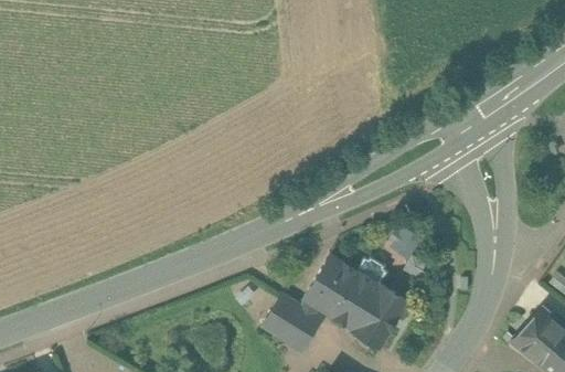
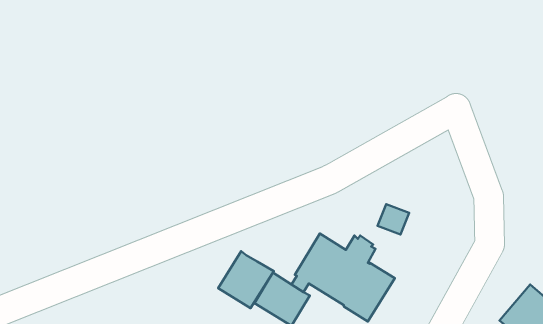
building: none -> [218,251,274,308]

